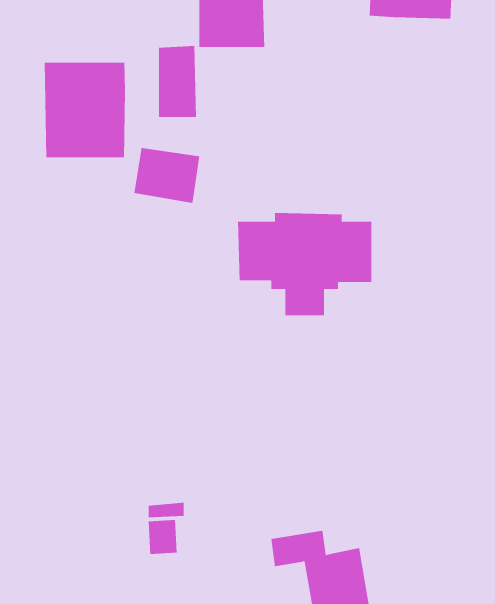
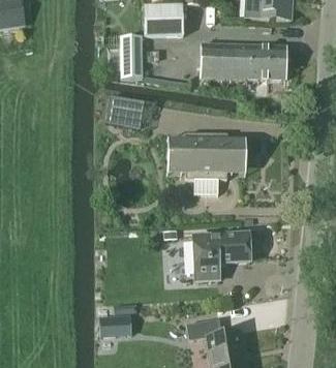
building: none -> [201,42,286,79]
building: [44,62,125,158] -> none
building: none -> [192,233,251,280]

